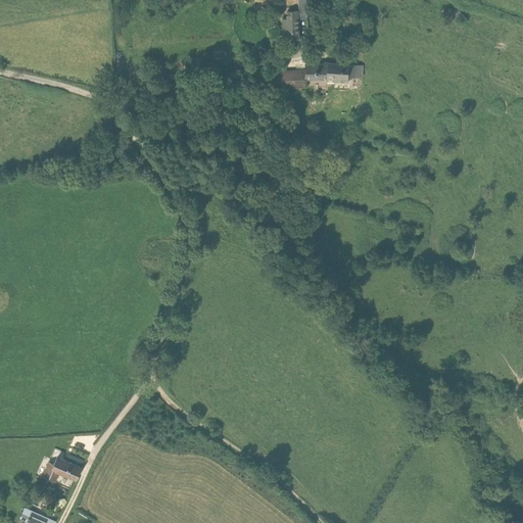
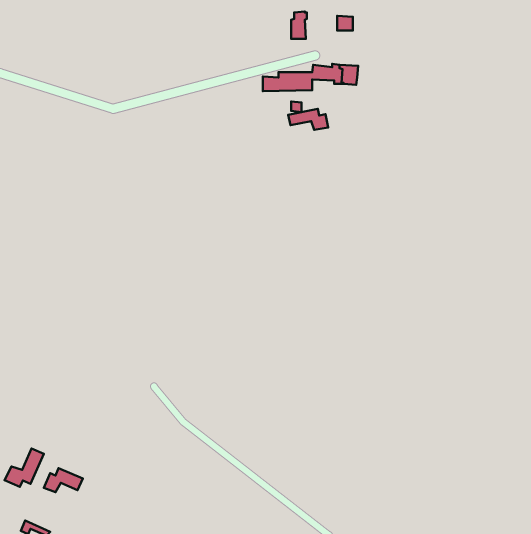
building: none -> [288,109,328,130]
building: none -> [5,449,44,487]

